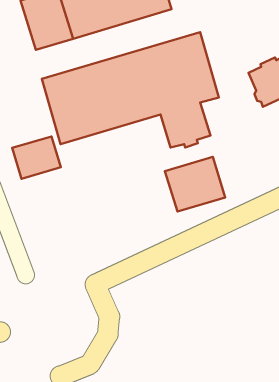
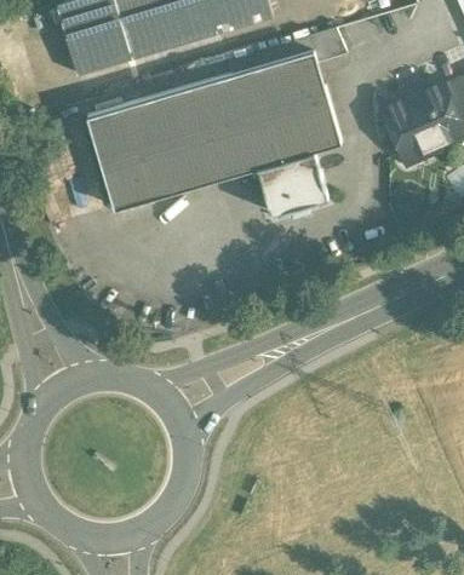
building: [12,136,61,179] -> none
building: [165,157,225,212] -> none

